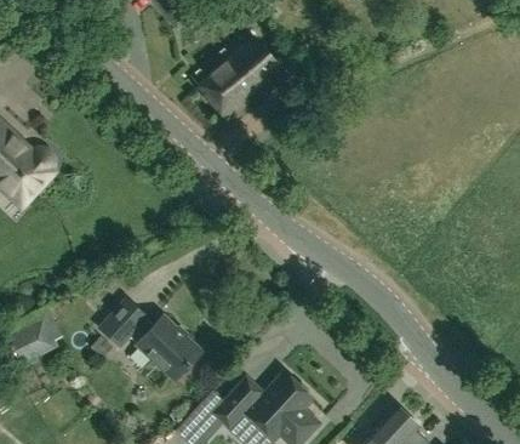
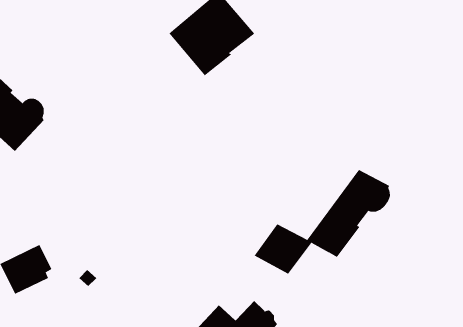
building: none -> [254,169,390,275]
building: [101,300,200,378] -> none

